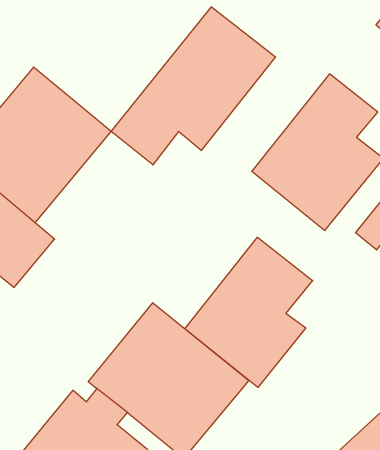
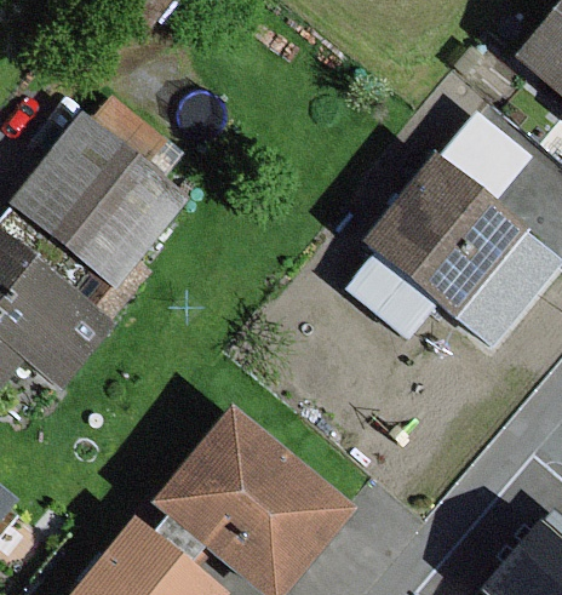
building: [111,7,276,165] -> none
building: [185,237,313,387] -> none

